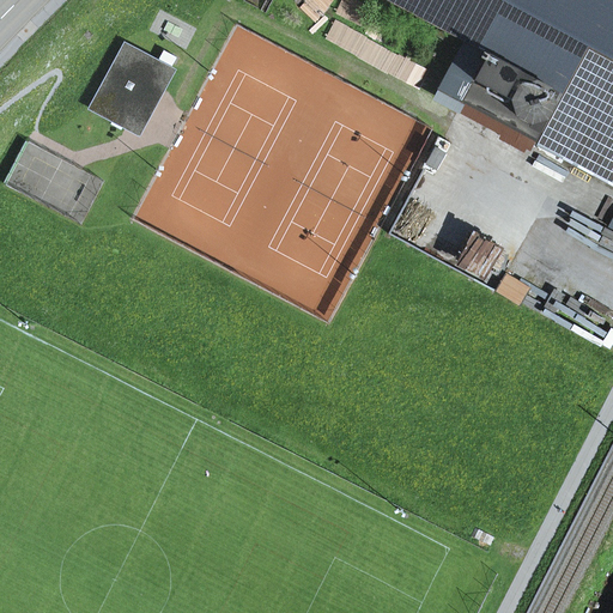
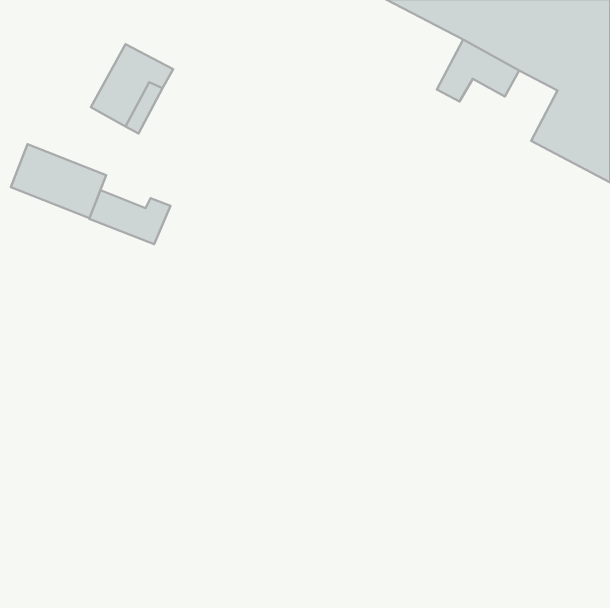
building: [461,71,559,141] -> none
building: none -> [89,190,170,244]

